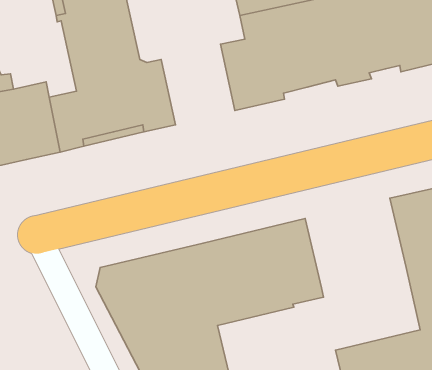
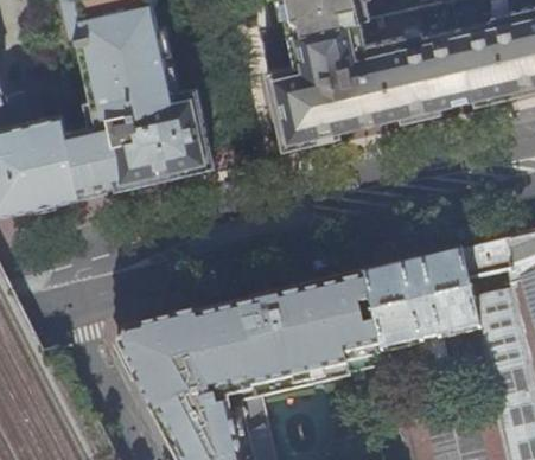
building: none -> [365,249,483,376]

